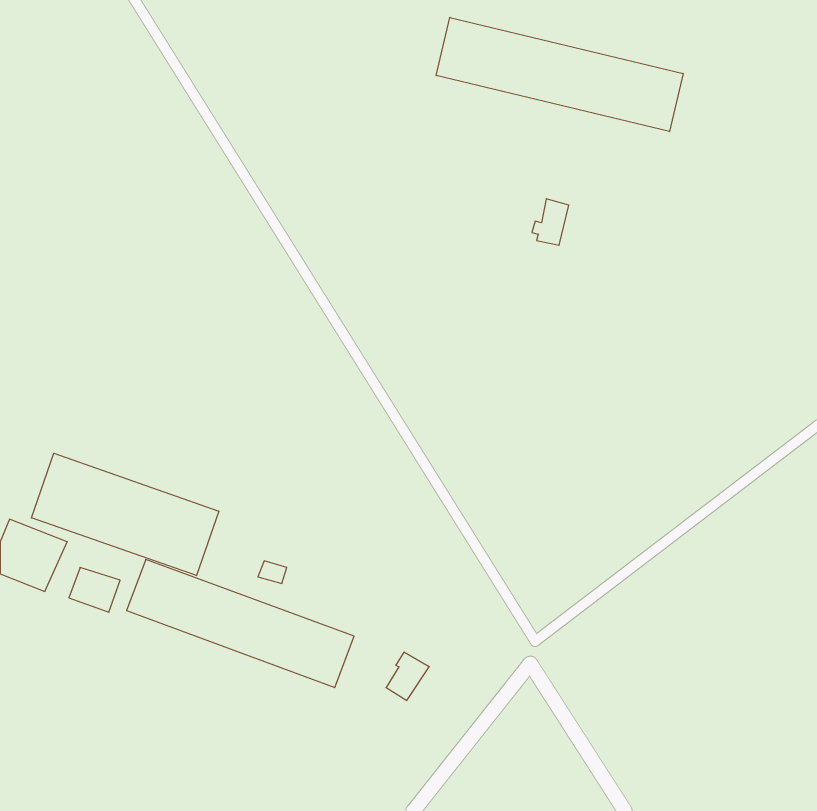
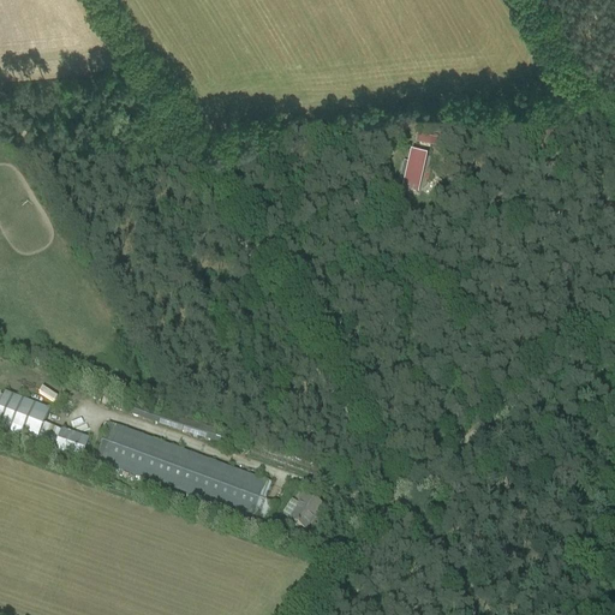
building: [436,17,683,132] -> none
building: [31,453,219,576] -> none

